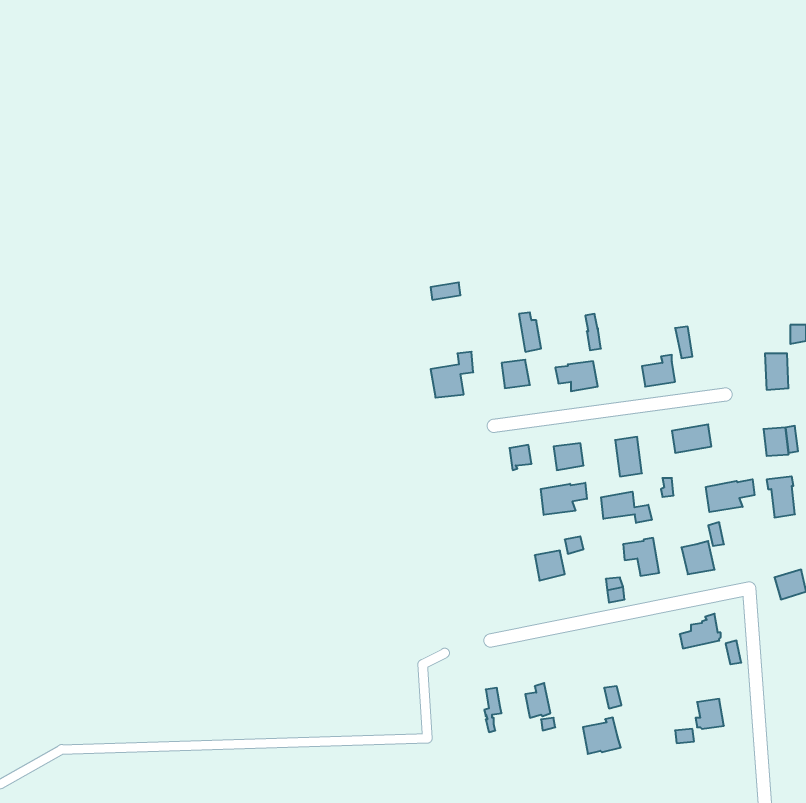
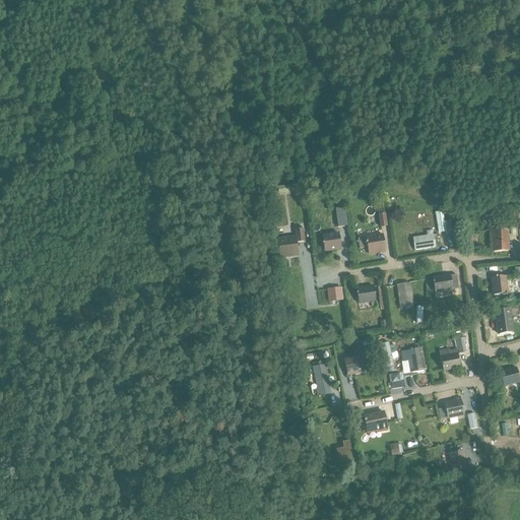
building: [706,479,755,512] -> none
building: [541,483,587,515] -> none
building: [601,492,652,523] -> none
building: none -> [313,363,330,394]
building: [583,718,621,754] -> [364,409,388,433]

